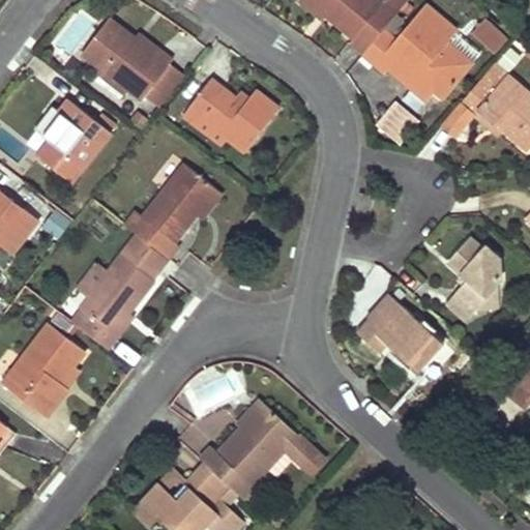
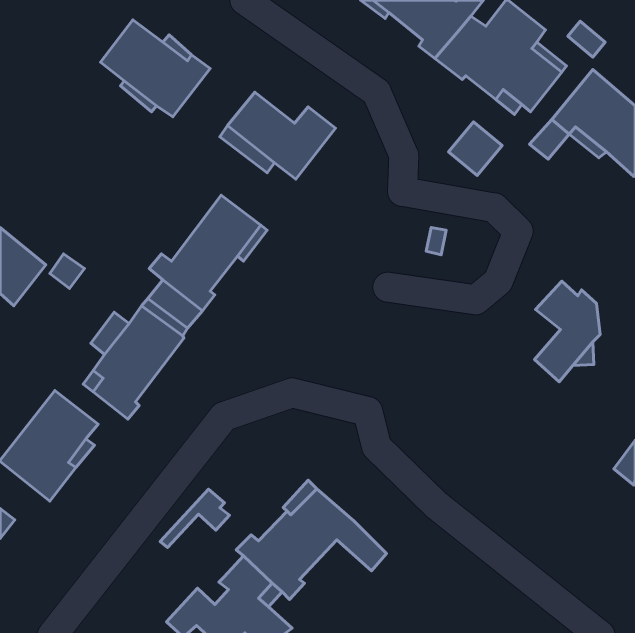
building: [38,101,115,185] -> none
building: [357,293,444,371] -> none
building: [132,471,190,520] -> [160,489,230,548]

